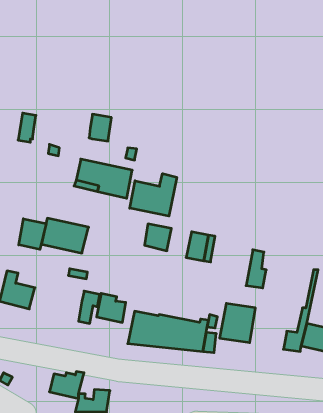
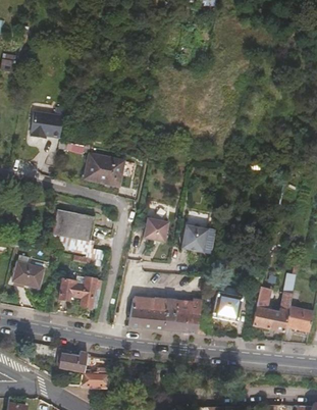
building: [89,114,111,141] -> [44,114,64,139]
building: [130,174,177,216] -> none
building: [19,219,46,249] -> none
building: [246,250,266,288] -> [257,293,275,327]
building: [97,293,126,322] -> [62,275,89,302]

